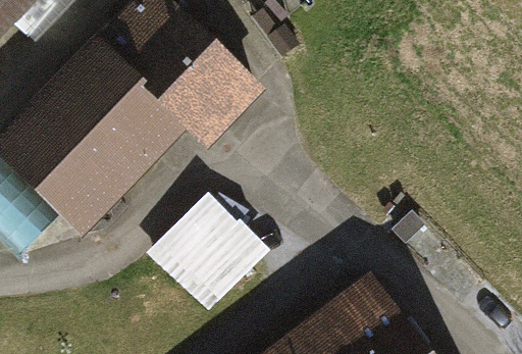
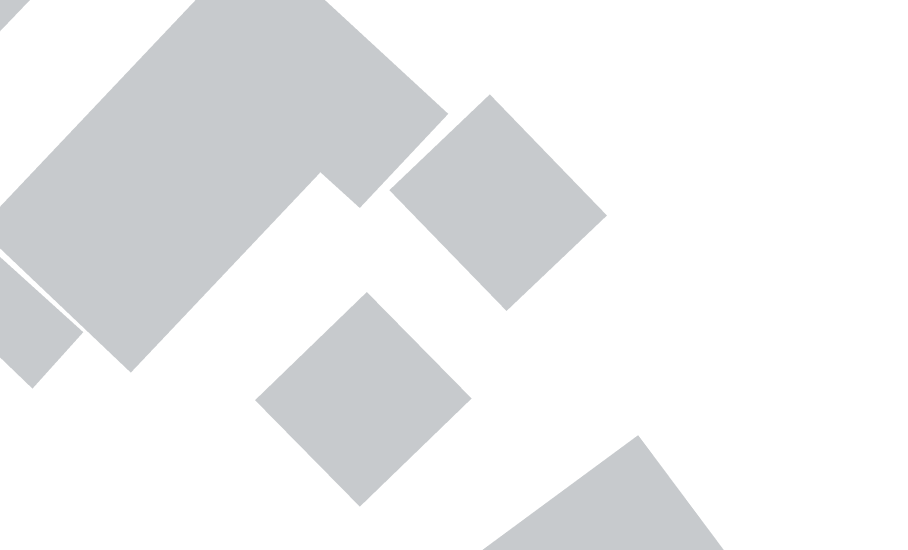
building: none -> [389,94,608,312]

